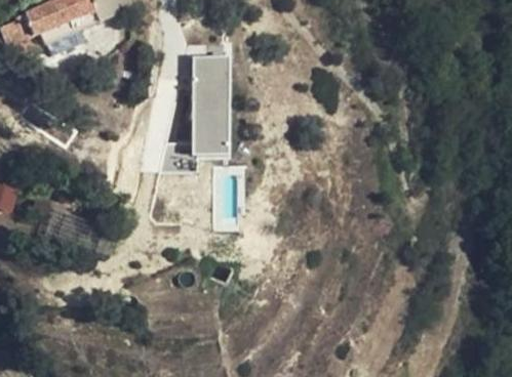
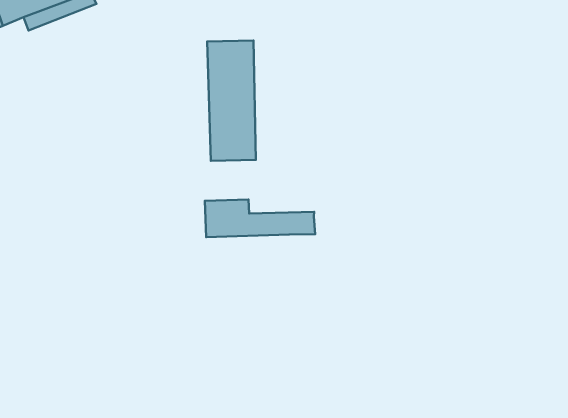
building: none -> [205,199,315,237]

